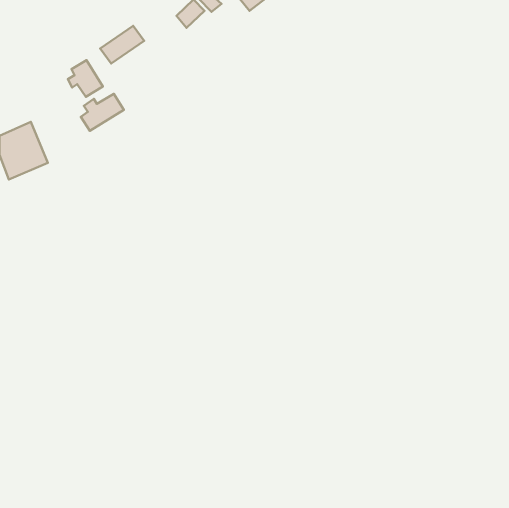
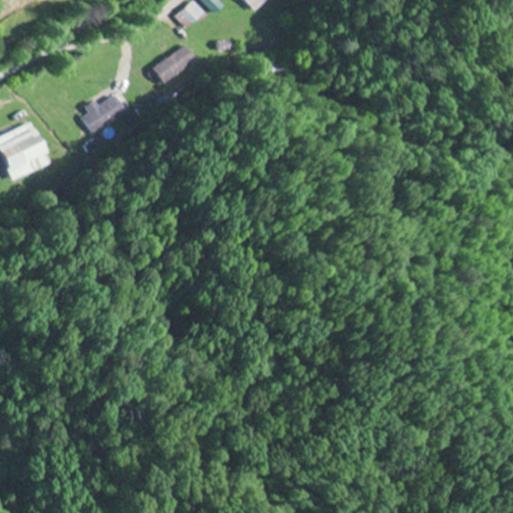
building: [100,26,144,64] -> [152,45,196,83]
building: [68,60,103,97] -> none

